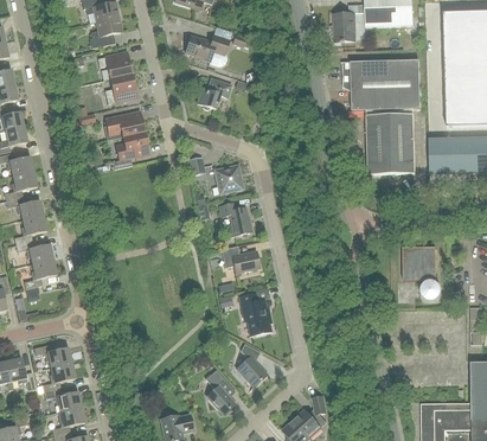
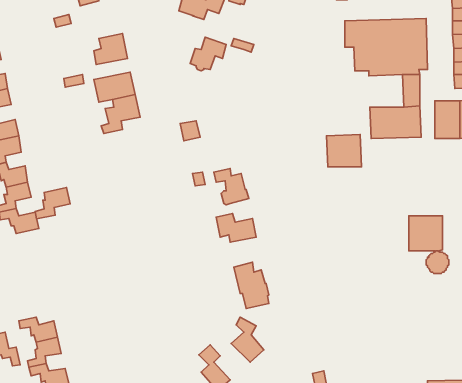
building: [98,50,133,78] -> none
building: [366,113,399,143] -> [327,134,362,167]
building: [214,164,243,192] -> none
building: [24,258,57,288] -> [35,188,70,219]

